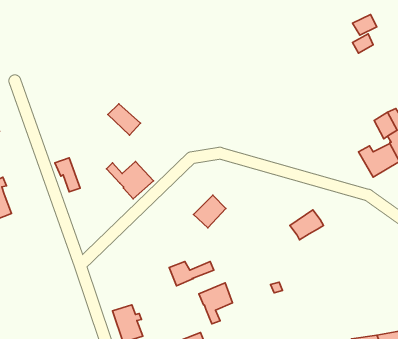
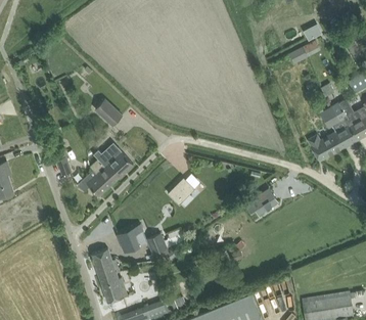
building: none -> [78,167,117,196]
building: none -> [118,224,143,252]
building: none -> [92,248,116,275]
building: [199,283,233,324] -> none

